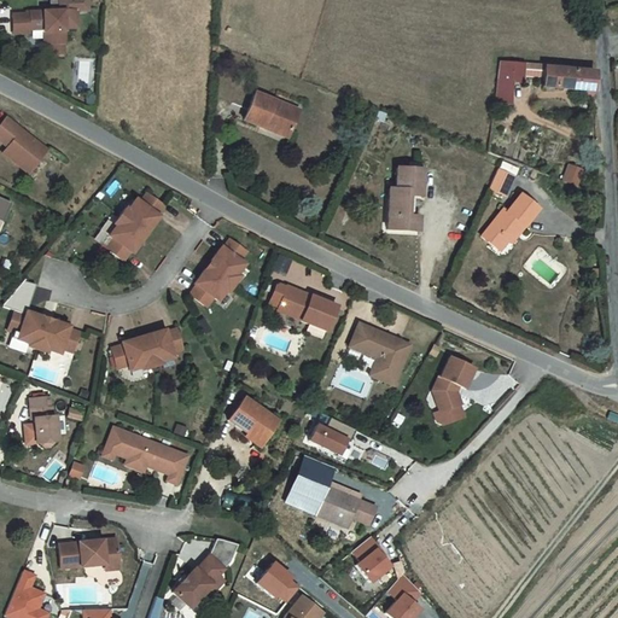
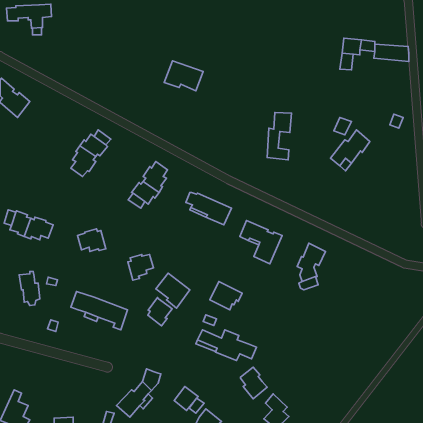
building: [150,327,187,365] -> [128,254,154,280]
building: none -> [148,297,172,326]
building: [57,536,117,566] -> none

